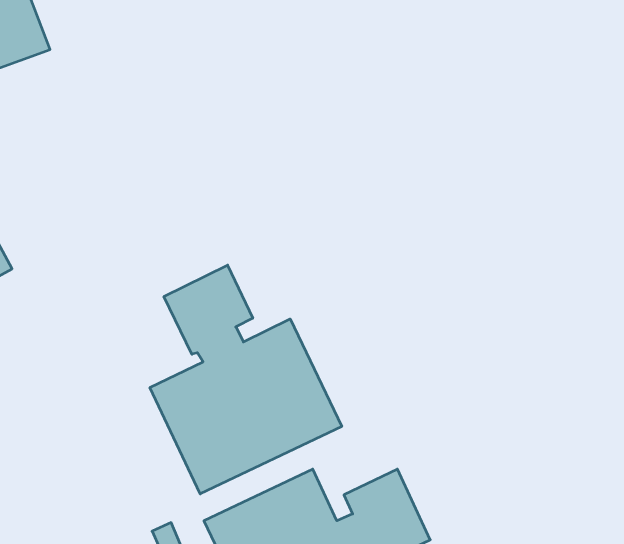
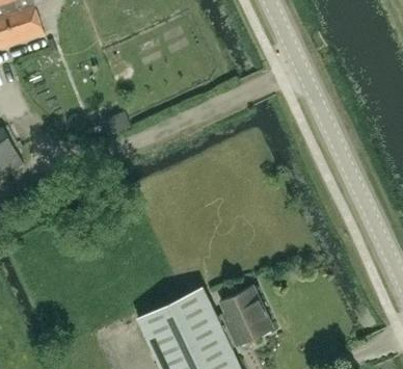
building: [150,265,342,494] -> none

